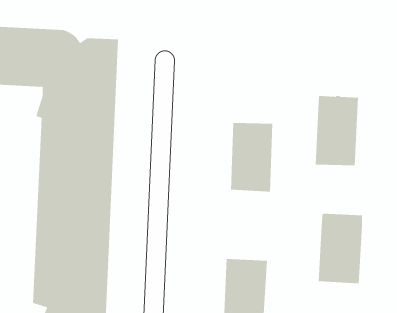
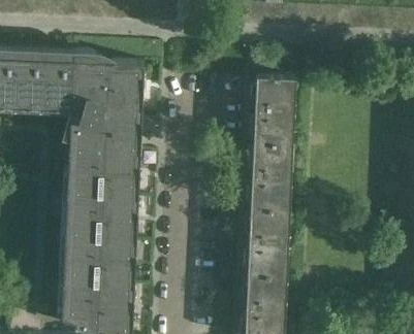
building: [315,95,359,166] -> [252,76,294,144]
building: [318,213,363,284] -> [246,208,289,276]

